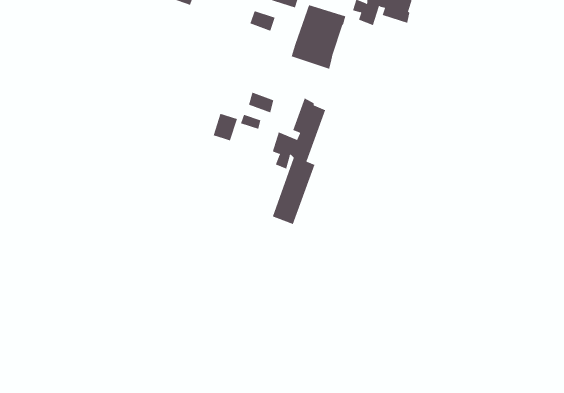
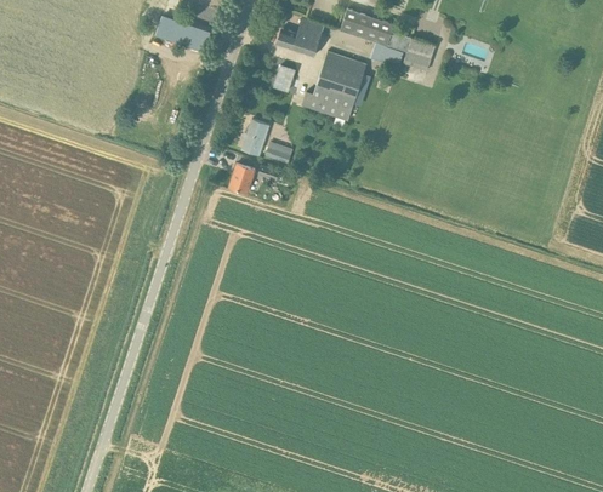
building: none -> [241,119,269,154]
building: [272,98,326,225] -> none

